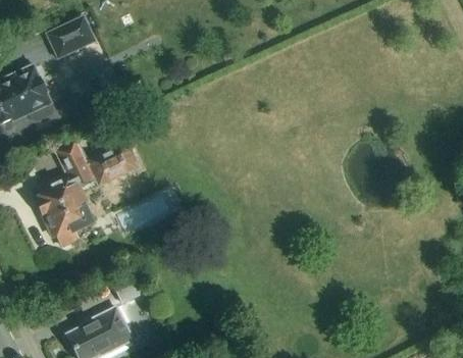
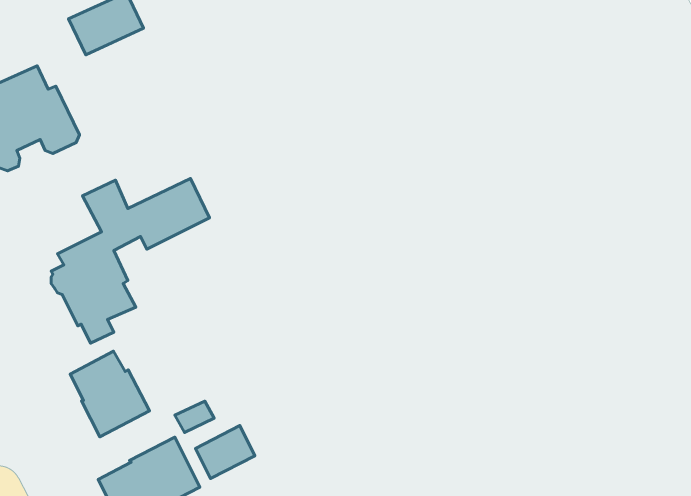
building: none -> [70,351,149,437]
building: none -> [196,426,255,479]

